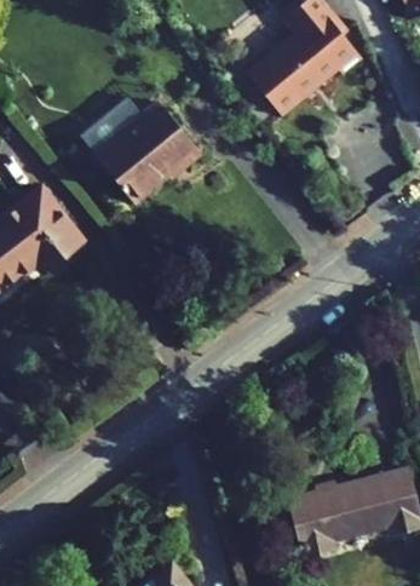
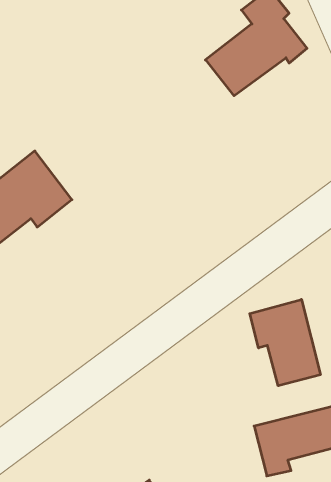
building: [81,99,186,197] -> none
building: none -> [250,299,320,386]

